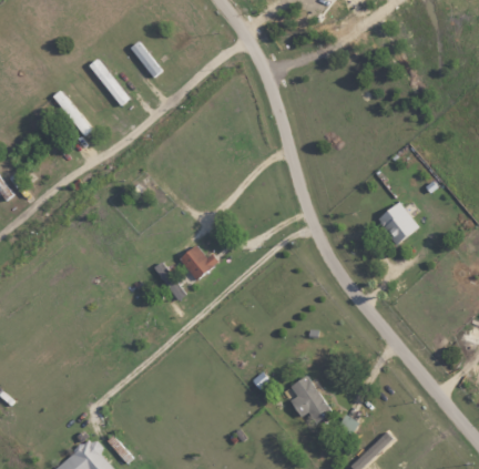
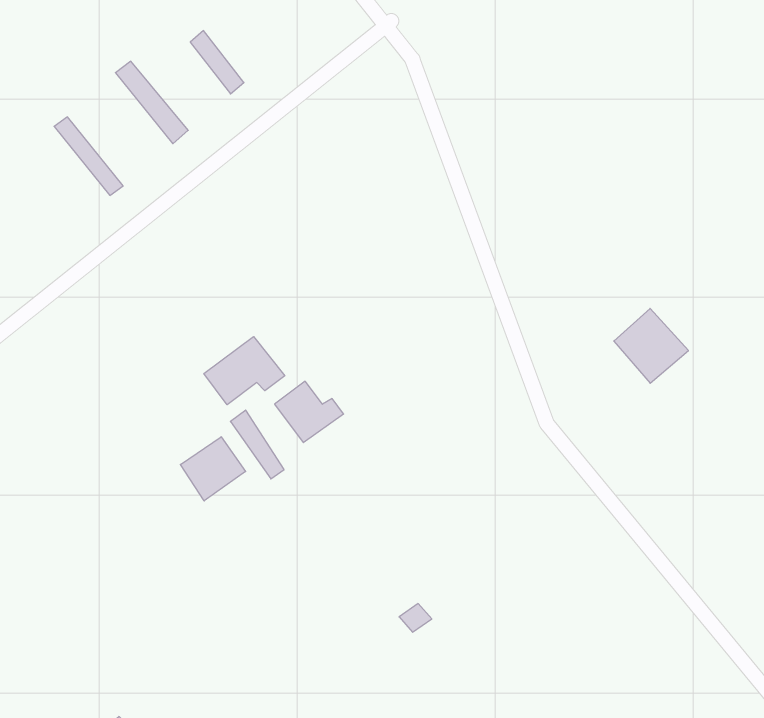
building: none -> [204,337,285,405]
building: none -> [180,437,246,501]
building: [289,375,330,422] -> none

